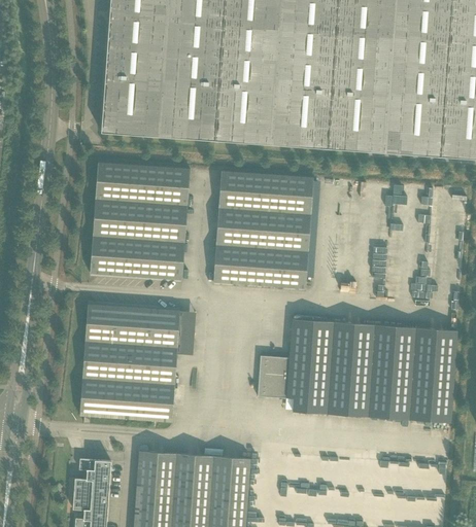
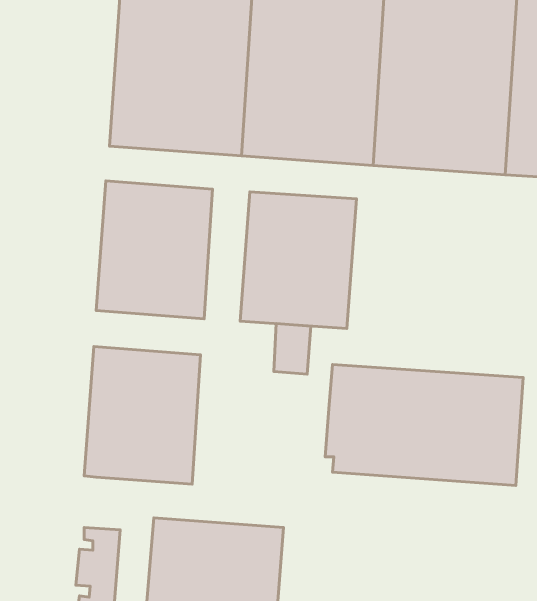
building: [258,355,290,398] -> [274,324,311,374]

